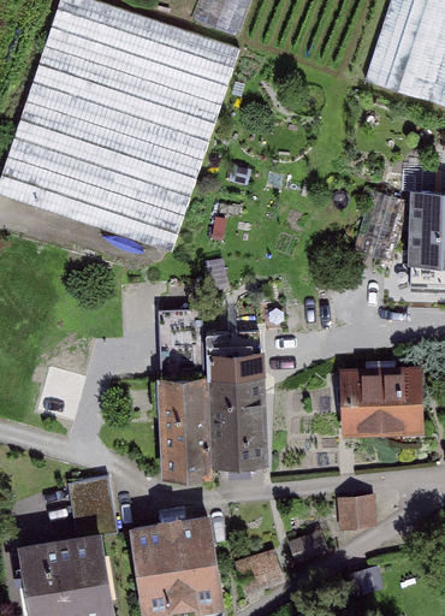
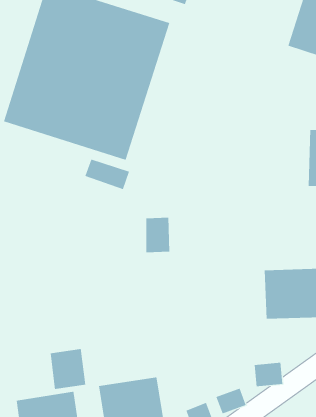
building: [220,359,266,460] -> none
building: [159,379,210,475] -> none

